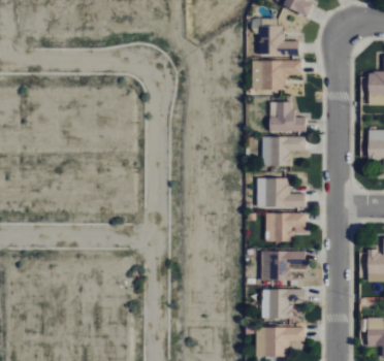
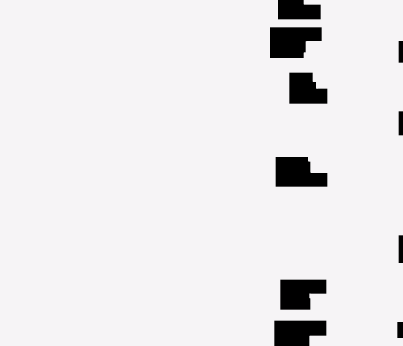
building: [262,136,306,166] -> none
building: [265,212,306,241] -> none
building: [261,251,305,281] -> none

